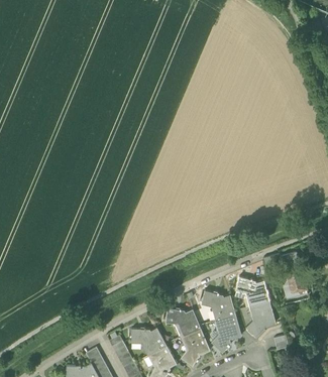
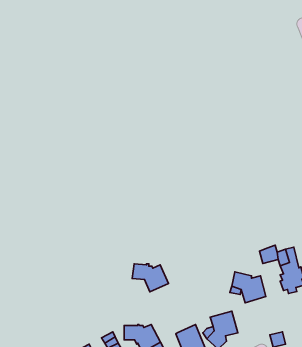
building: [202,291,236,322] -> none
building: [246,301,276,338] -> none
building: [166,309,201,337] -> [132,264,168,292]

